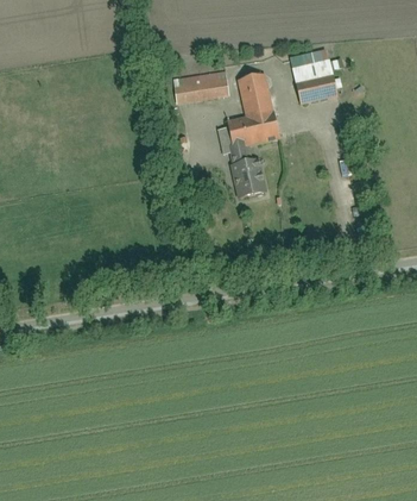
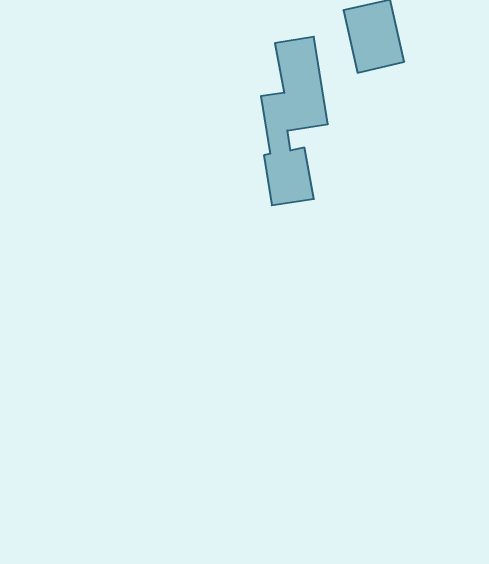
building: [170,70,228,104] -> none

